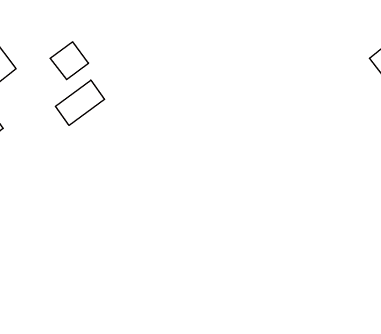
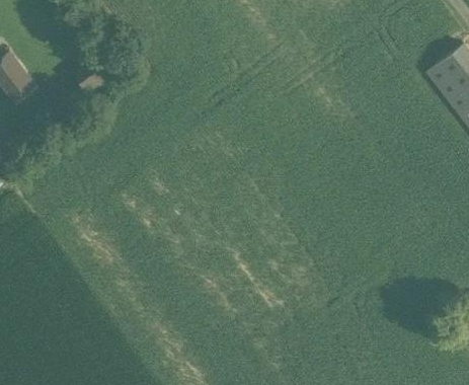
building: [55,80,105,125] -> none

